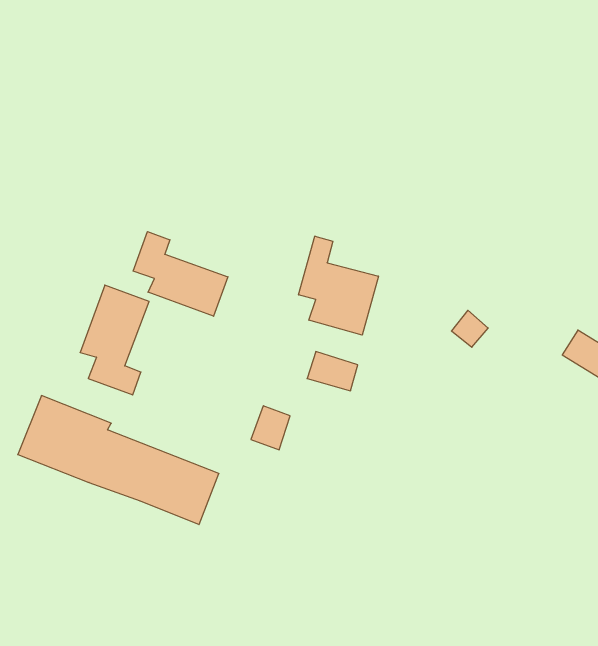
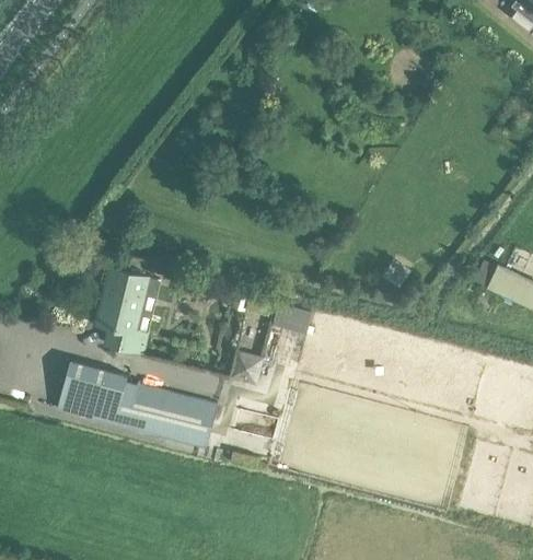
building: [133,232,228,316] -> none
building: [299,236,378,335] -> none

